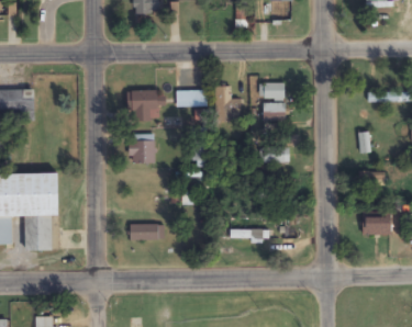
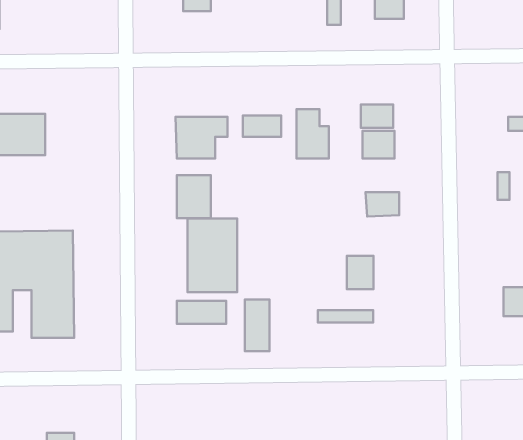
building: none -> [187,219,237,292]
building: none -> [347,256,373,289]
building: none -> [245,300,269,351]

